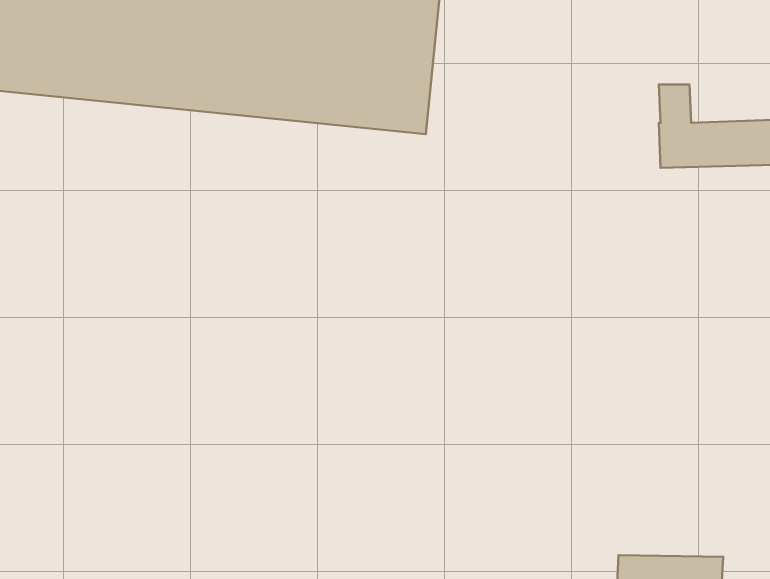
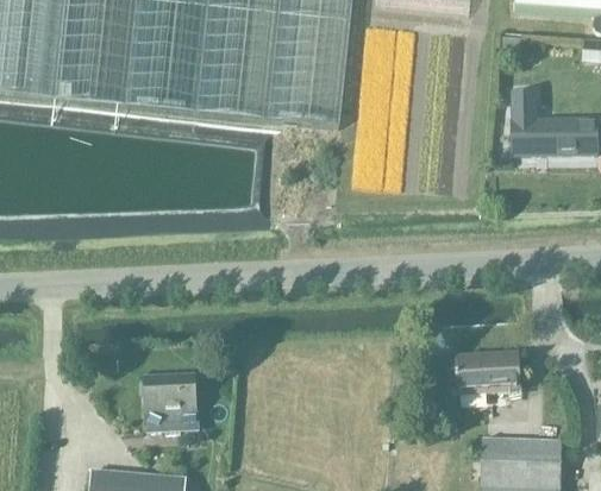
building: none -> [458,352,521,394]
building: none -> [143,374,198,430]

